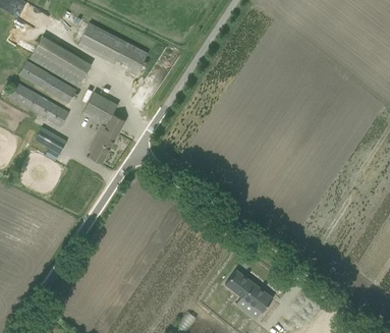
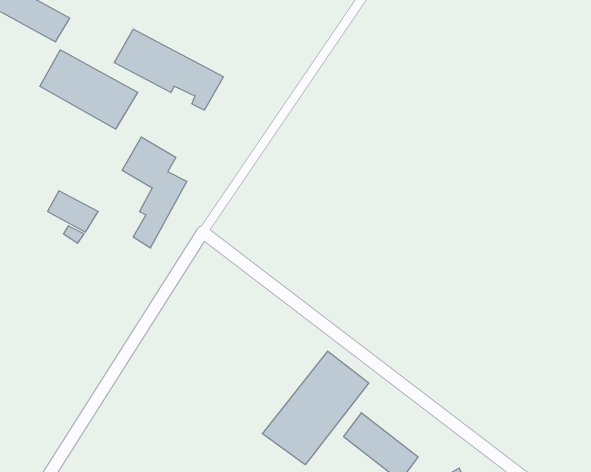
building: [19,61,76,103] -> none
building: [8,82,69,127] -> none
building: none -> [262,351,369,465]

